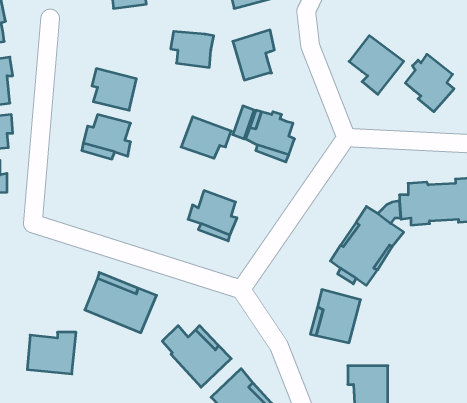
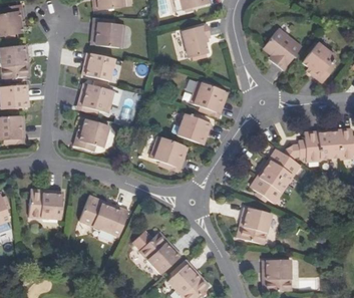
building: [171,31,214,67] -> [91,22,121,47]
building: [181,117,231,158] -> [176,113,212,142]
building: none -> [73,118,108,152]
building: [27,332,76,374] -> [28,191,62,220]

